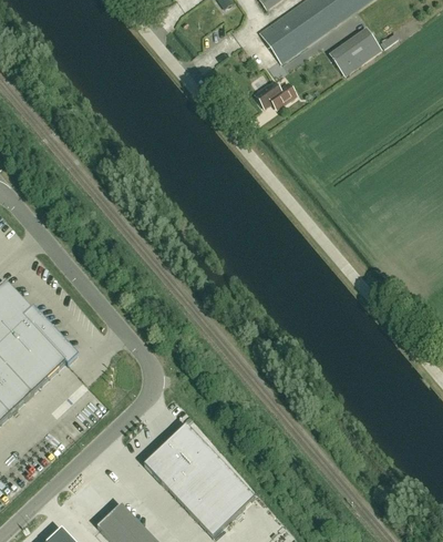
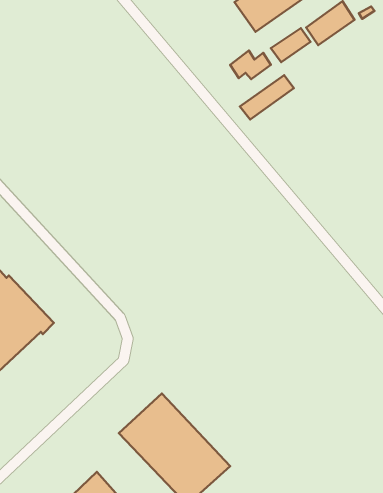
building: none -> [271,28,311,62]
building: none -> [240,75,294,120]

